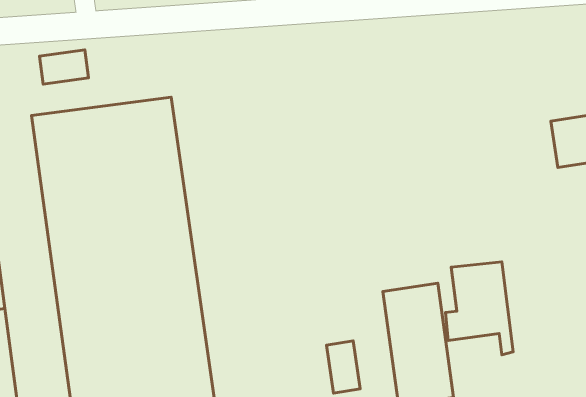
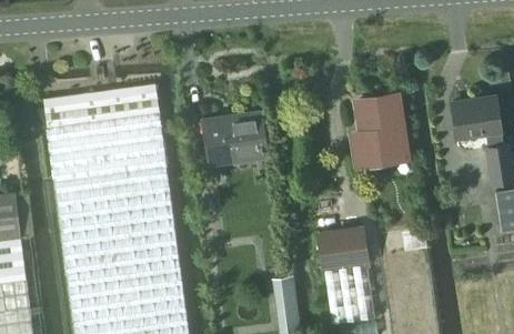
building: [40,50,89,84] -> none
building: none -> [202,112,266,165]
building: [445,262,513,355] -> [353,98,406,171]

